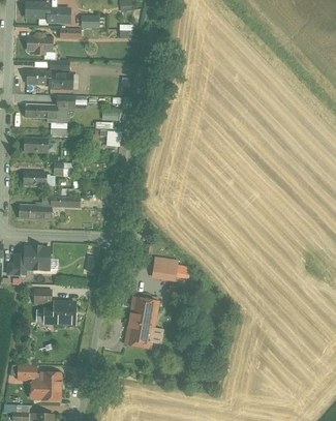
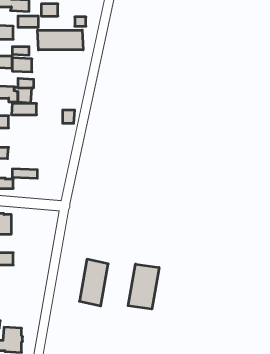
building: none -> [38,30,83,50]
building: [152,257,177,277] -> none
building: [44,301,74,323] -> none
building: none -> [128,264,159,309]

